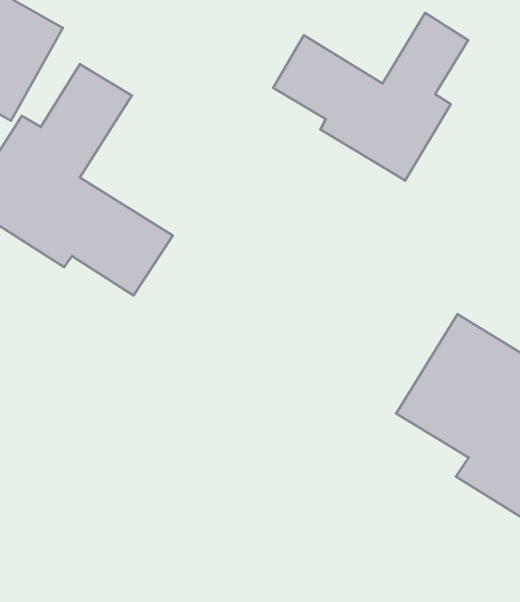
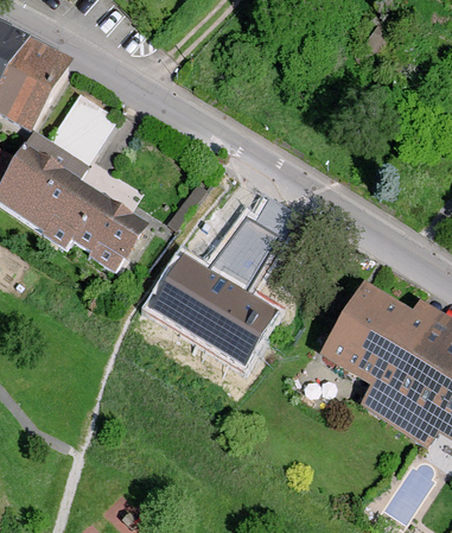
building: [273,13,468,181] -> none
building: none -> [151,201,288,356]

